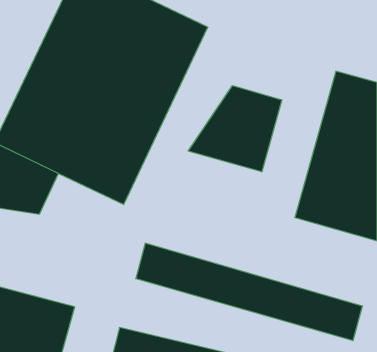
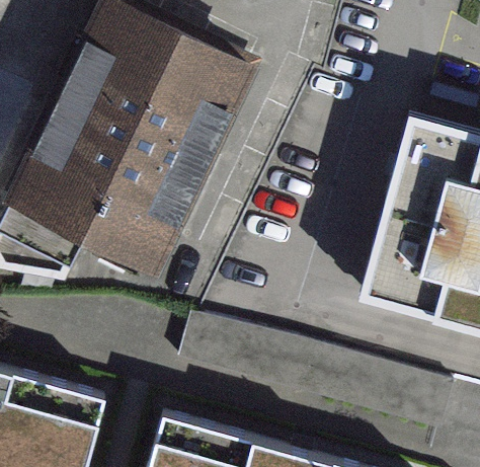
building: [188,86,282,172] -> none

